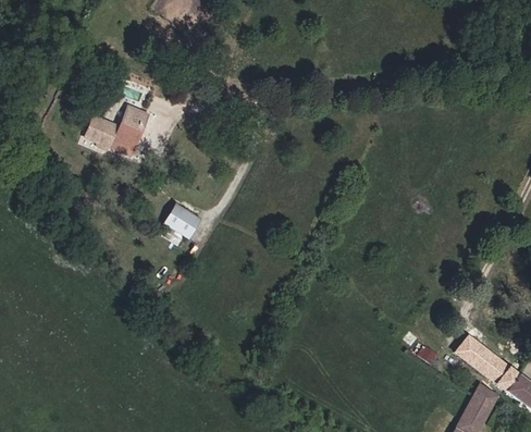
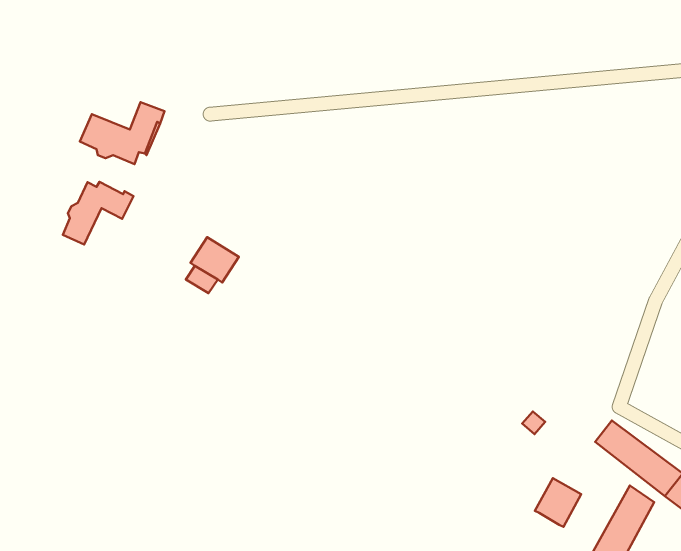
building: none -> [63,182,133,244]
building: none -> [535,478,581,527]

